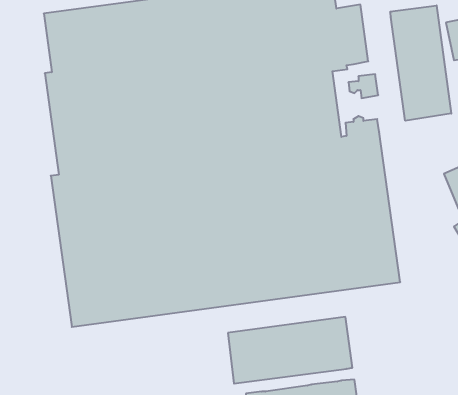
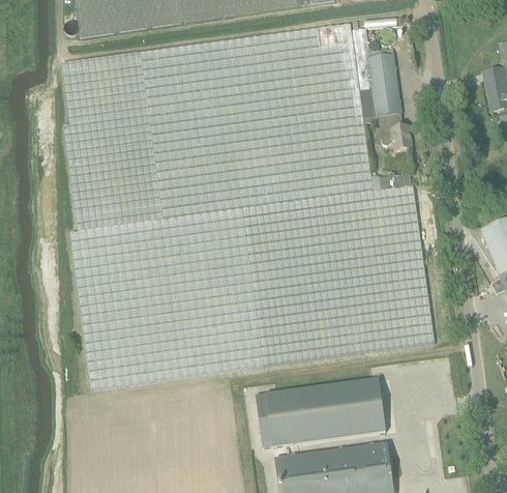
building: [390,5,451,121] -> none

